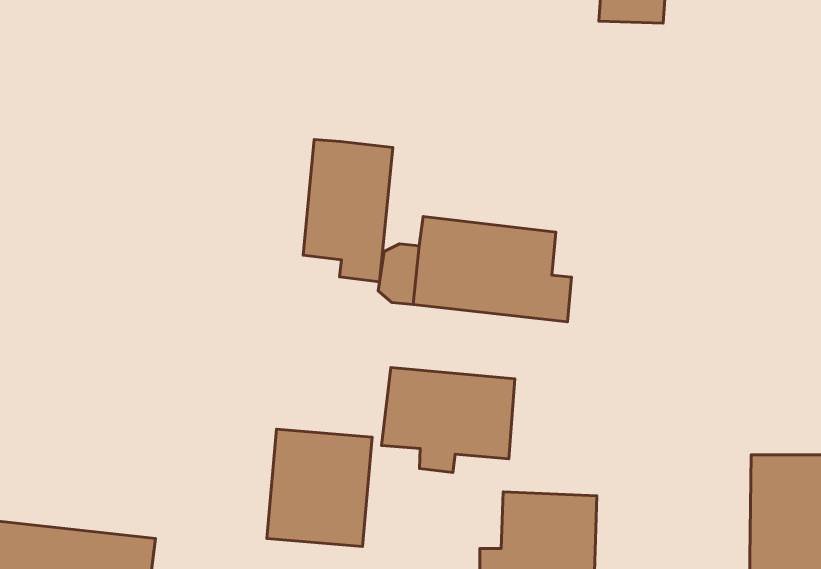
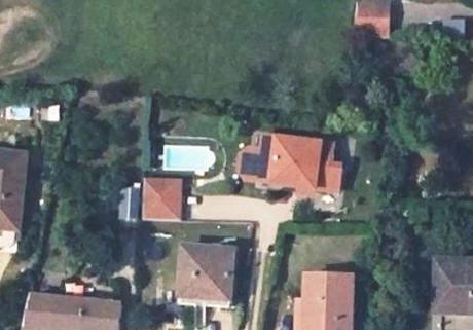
building: [303,139,393,282] -> none
building: none -> [141,177,179,218]
building: [381,368,515,472] -> none

